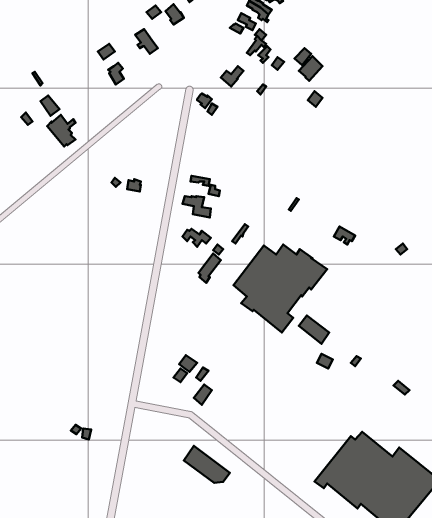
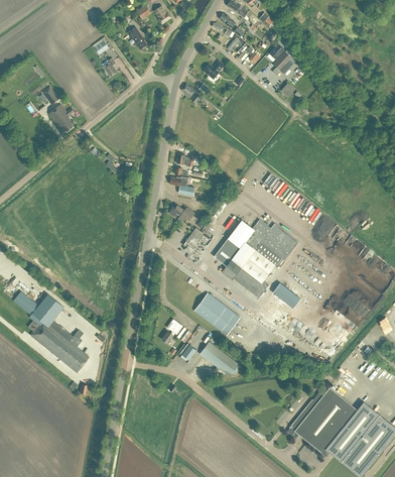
building: none -> [13,291,90,372]
building: none -> [194,293,240,335]
building: [184,446,230,483] -> [200,341,241,374]

